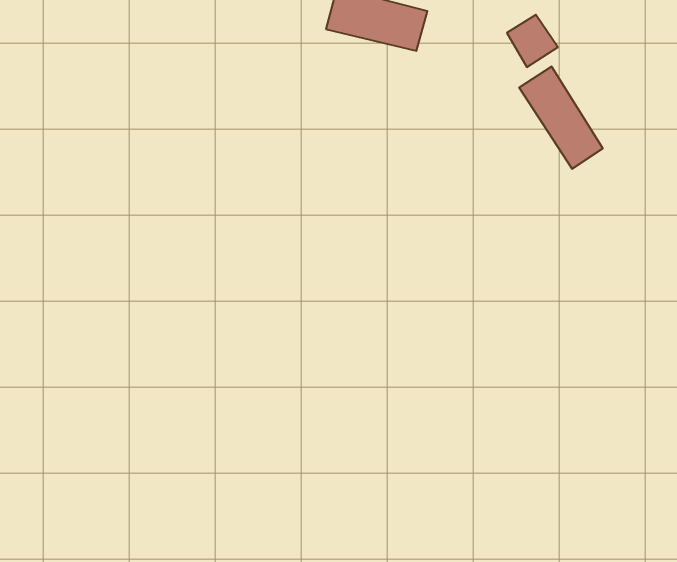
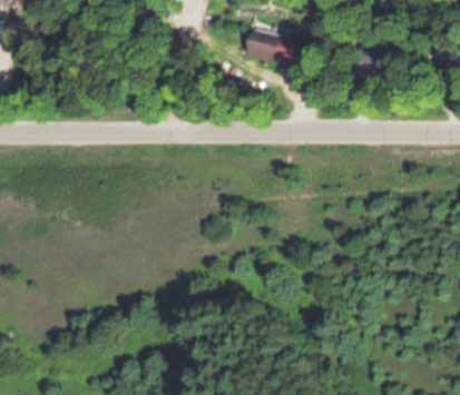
building: [519,66,603,169] -> none

